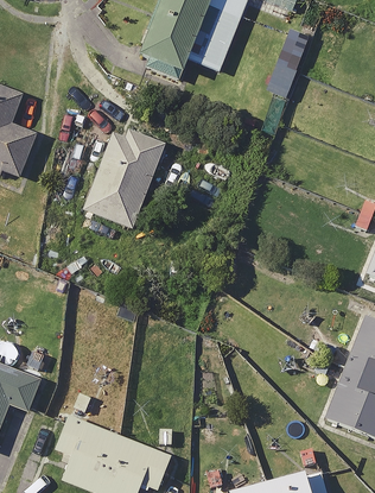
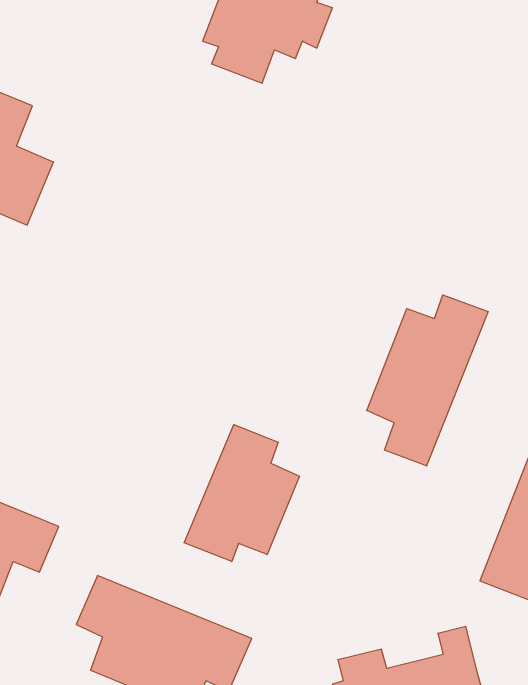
building: [83,126,164,229] -> none
building: none -> [367,295,488,466]
building: none -> [184,424,300,562]

